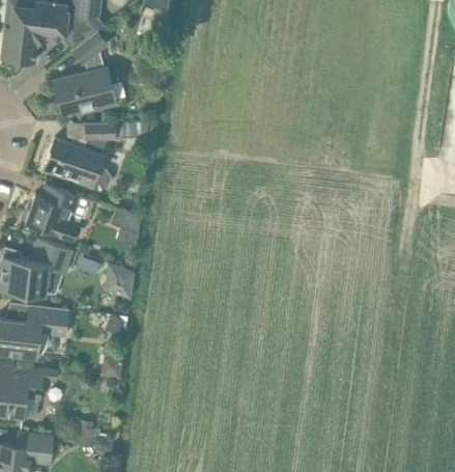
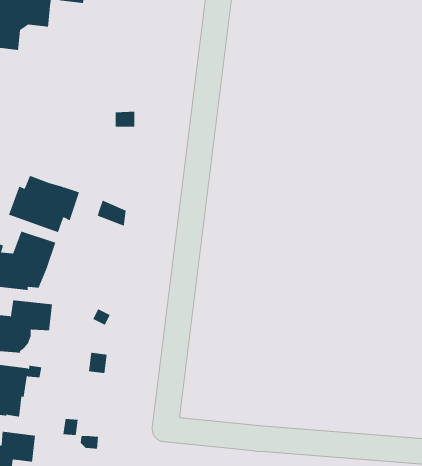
building: [54,32,116,115] -> none
building: [44,123,119,190] -> none
building: [105,262,135,300] -> none

